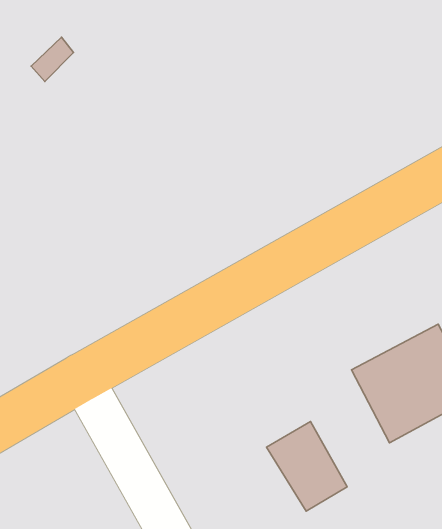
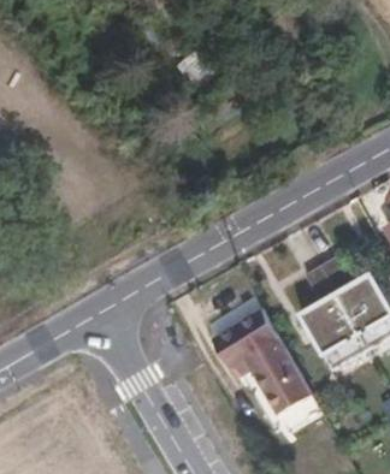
building: none -> [211,310,279,369]

